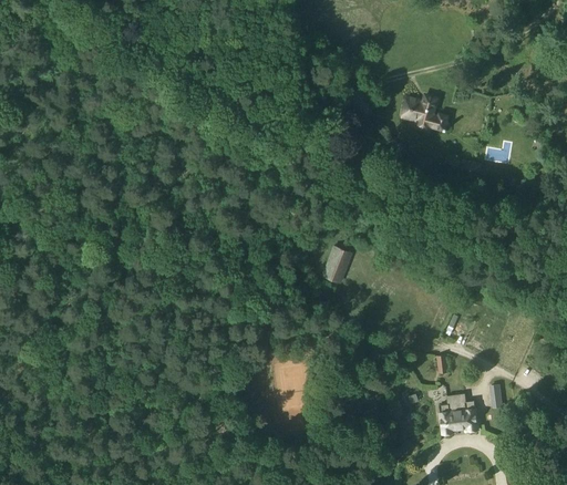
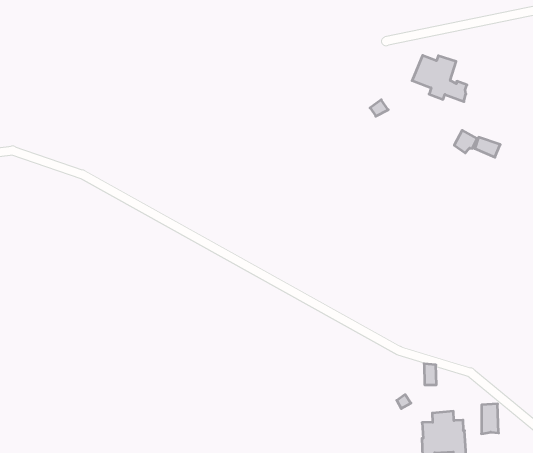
building: [321,246,351,285] -> none

